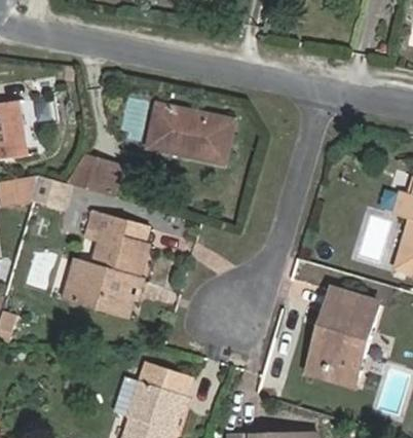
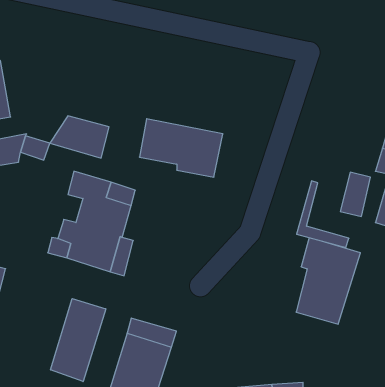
building: [140,103,225,162] -> [139,119,223,177]
building: [304,311,358,378] -> [297,181,349,247]
building: none -> [51,299,106,382]

